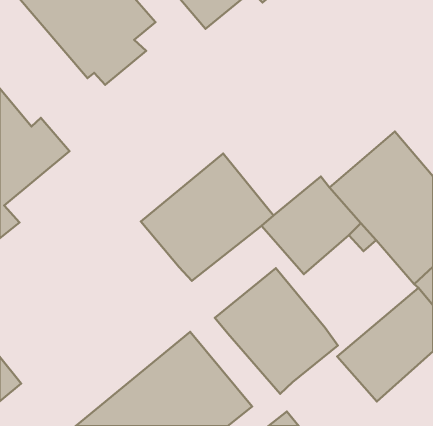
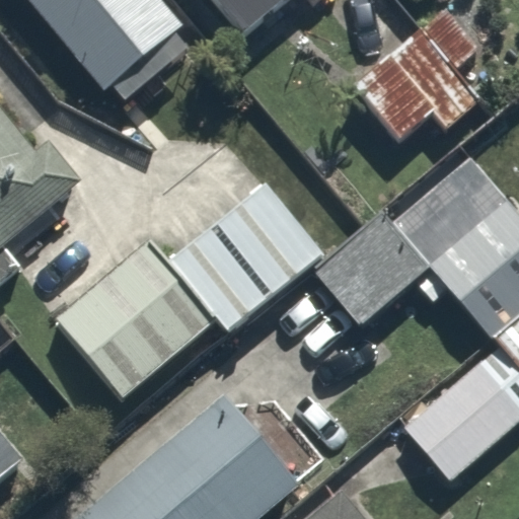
building: none -> [353,26,483,141]
building: none -> [55,240,214,398]
building: [215,268,338,394] -> none

